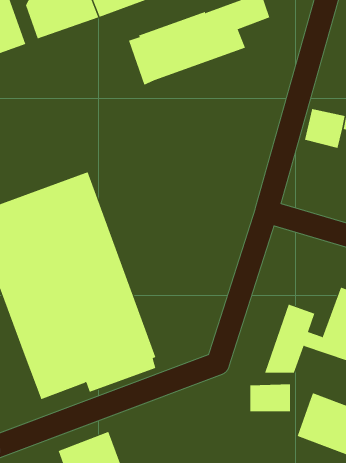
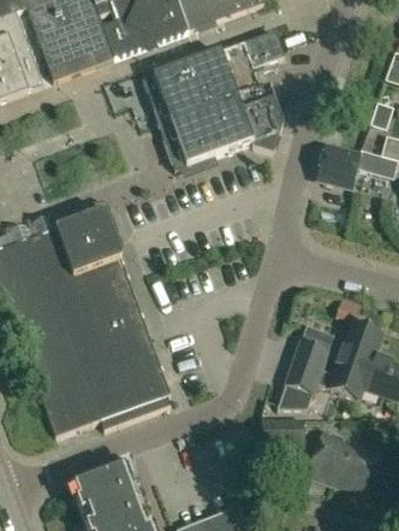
building: none -> [159,81,285,169]

